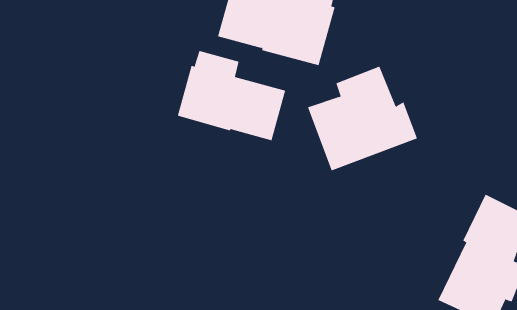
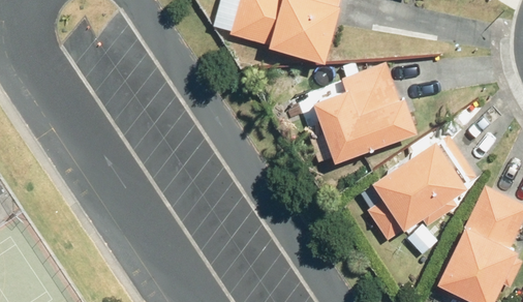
building: [177,50,286,141] -> none
building: none -> [364,134,474,242]

